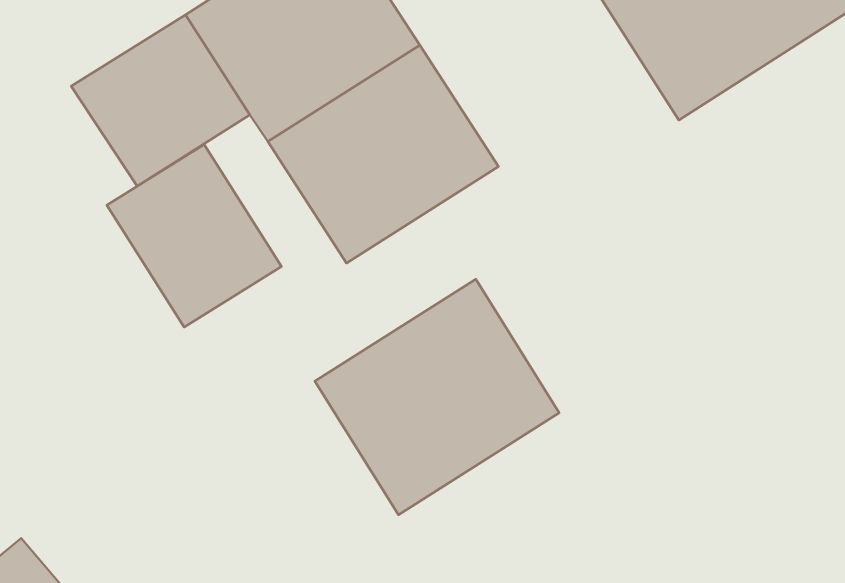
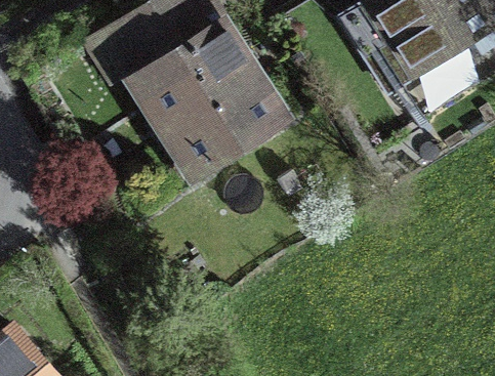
building: [107,145,282,327] -> none
building: [315,279,559,515] -> none

